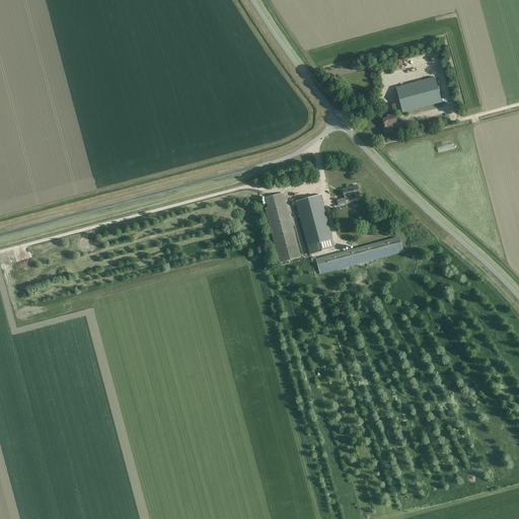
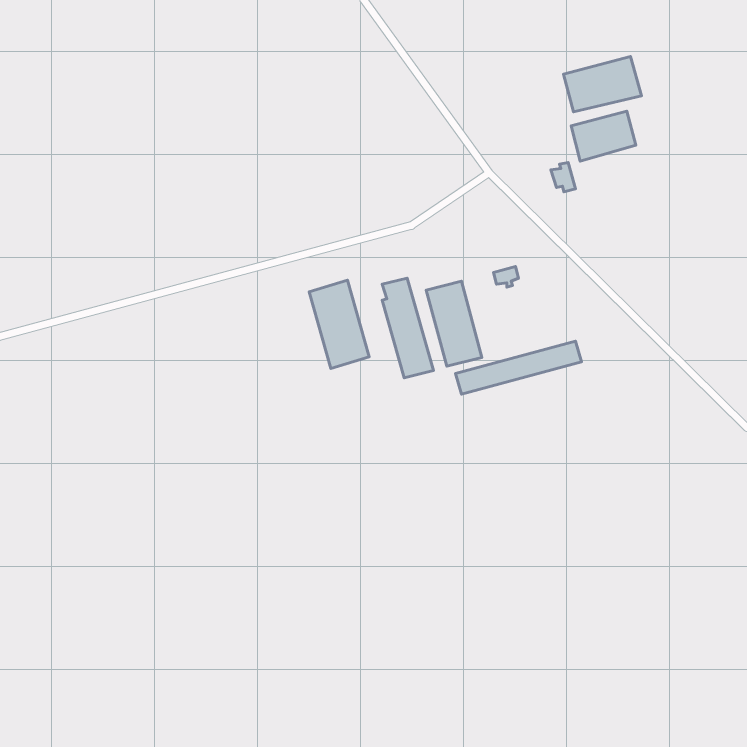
building: none -> [563,56,642,112]
building: none -> [309,280,369,368]

